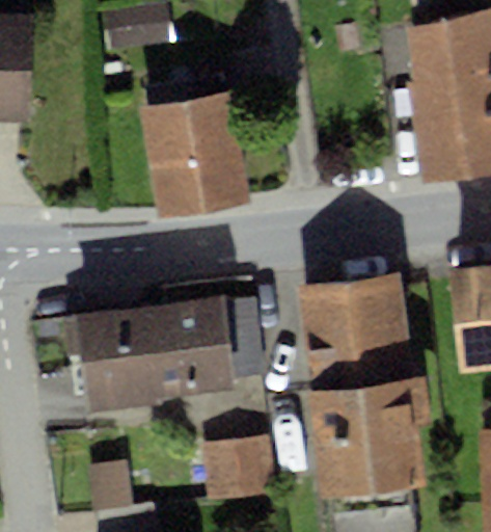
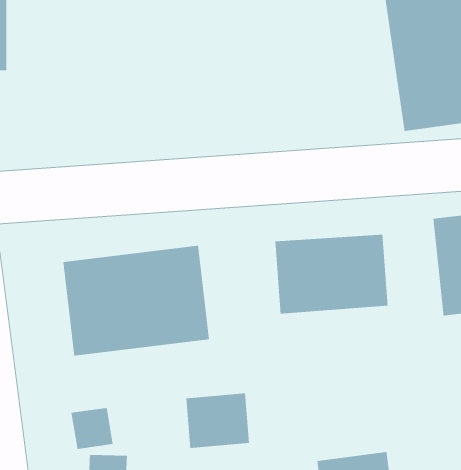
building: [141,94,248,209] -> none
building: [307,378,421,497] -> none

